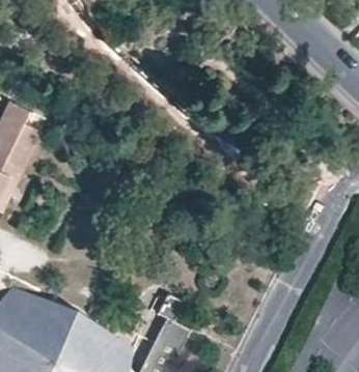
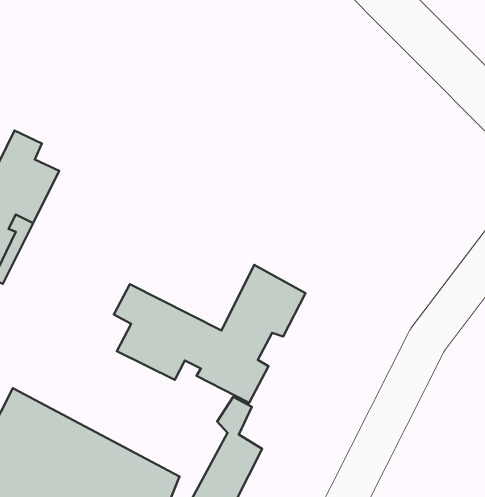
building: none -> [114,265,306,403]

